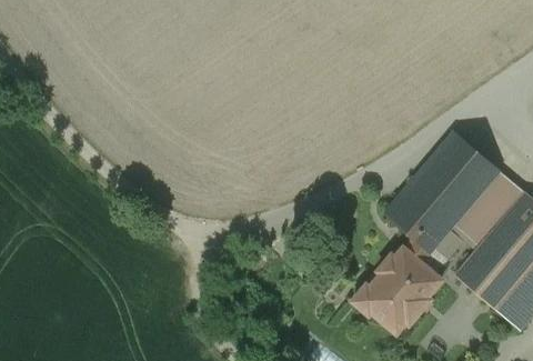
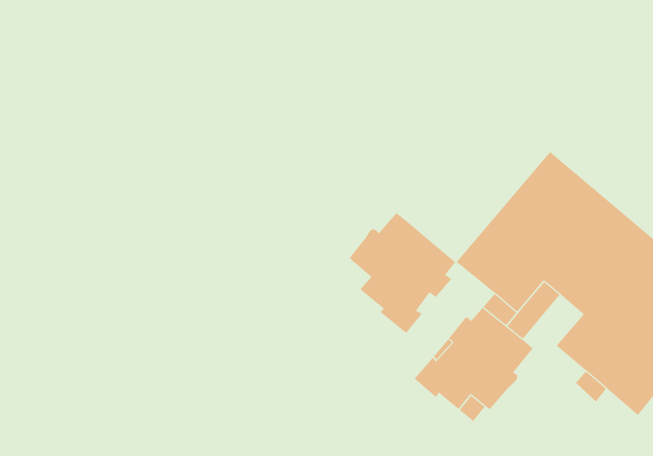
building: none -> [349,212,456,334]

